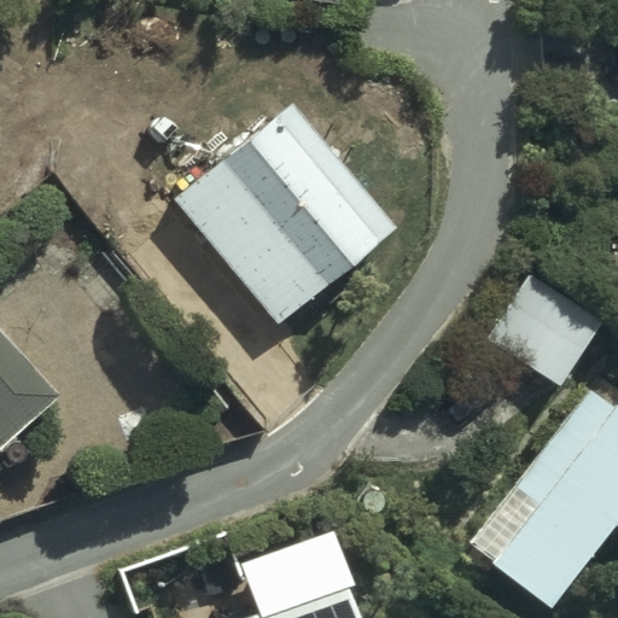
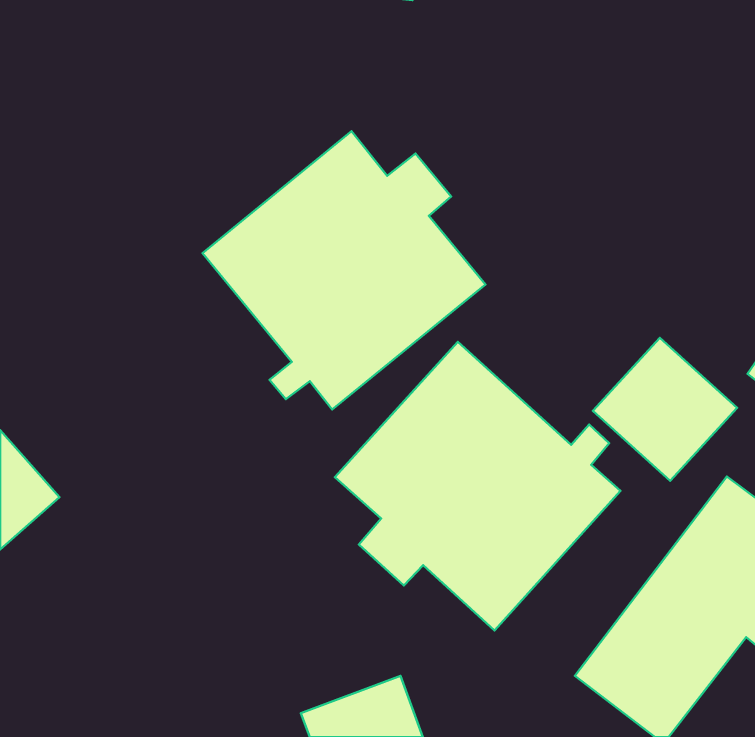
building: none -> [335,342,621,630]

